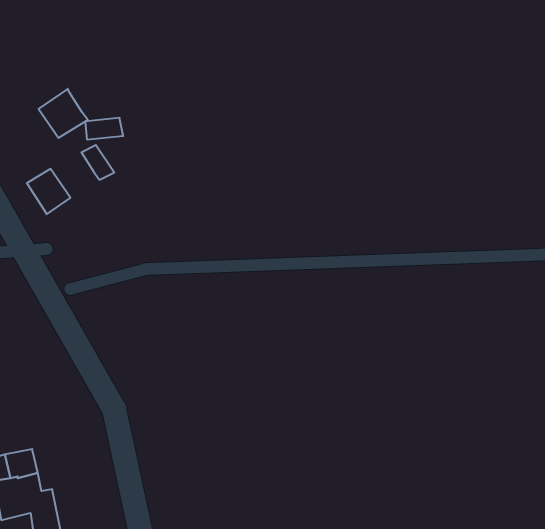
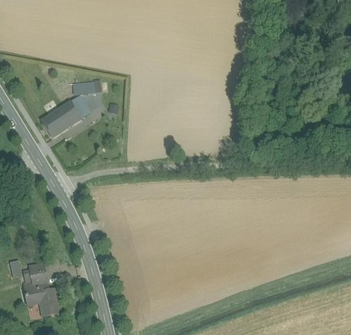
building: [39,89,88,138] -> [54,100,81,127]

